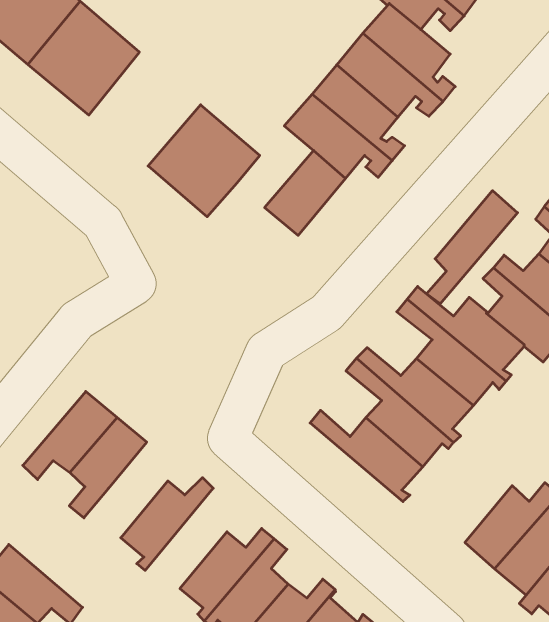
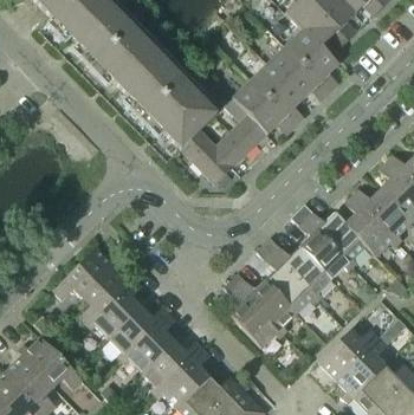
building: none -> [115,44,183,114]
building: none -> [181,129,235,183]
building: [427,191,518,304] -> none
building: none -> [225,279,284,346]
building: none -> [89,278,143,338]
building: none -> [123,313,176,372]

